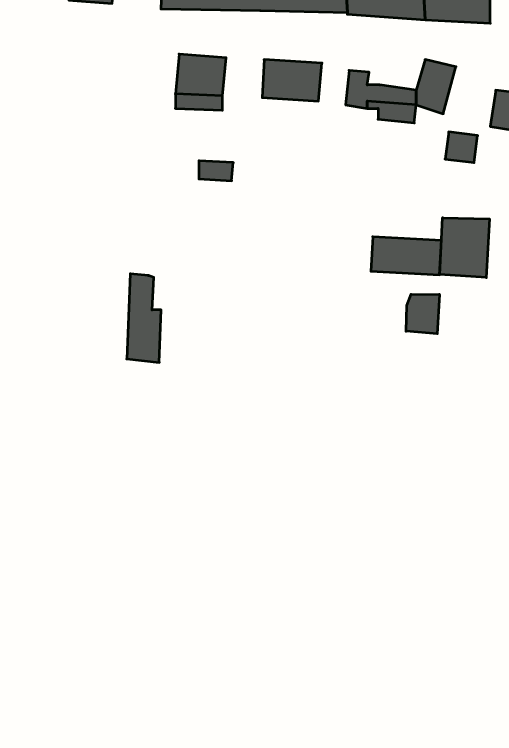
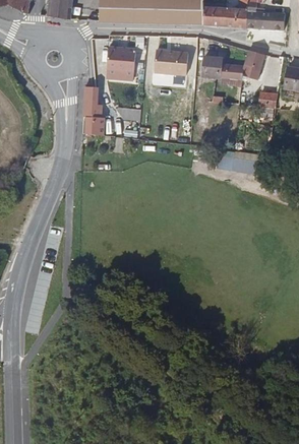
building: [440,218,489,278] -> none
building: [127,274,161,362] -> [83,87,103,137]
building: [406,294,439,334] -> none

